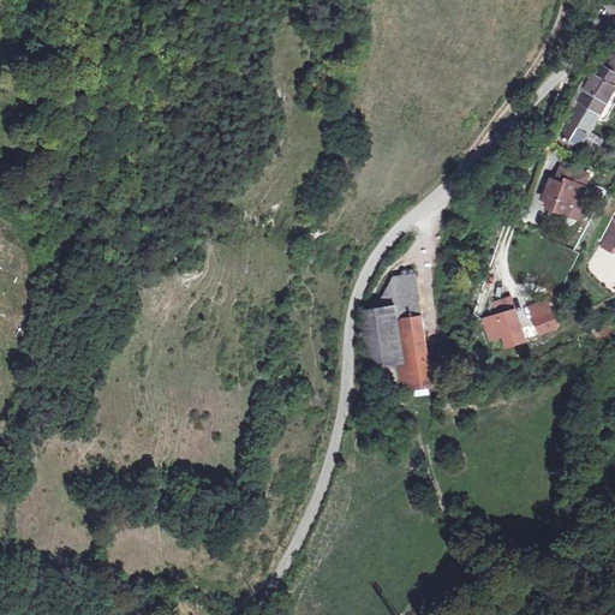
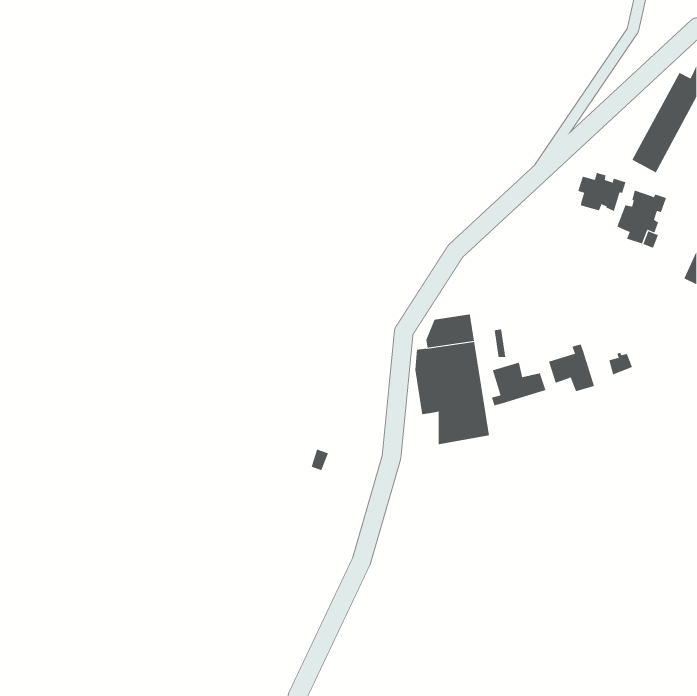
building: none -> [577,172,626,212]
building: none -> [491,362,546,406]

